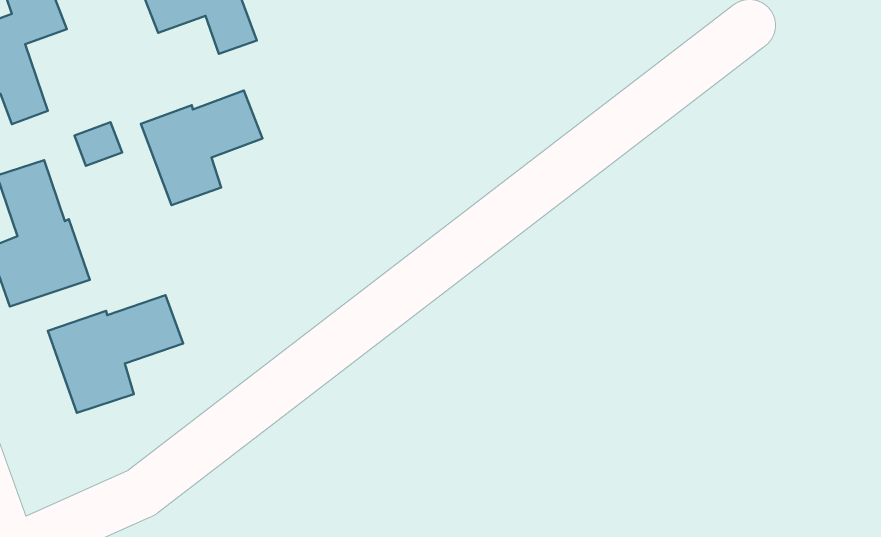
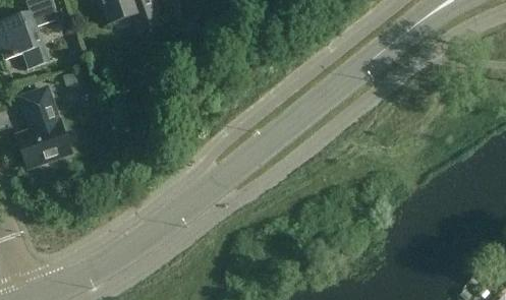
building: [141,91,263,205] -> none
building: [48,295,183,413] -> none

